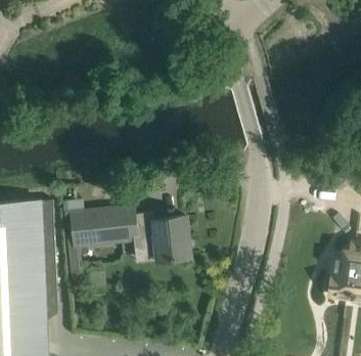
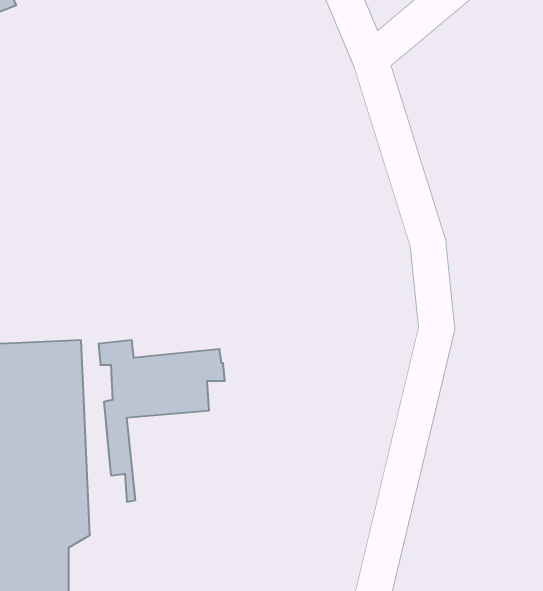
building: [136,212,190,260] -> none

